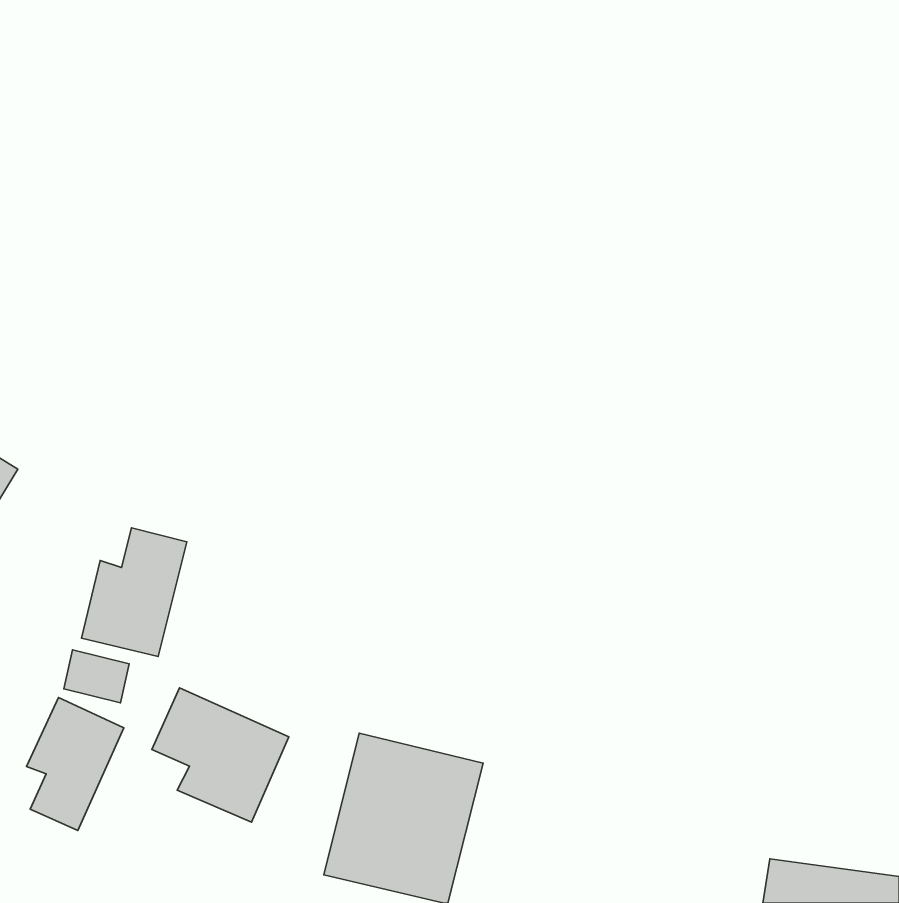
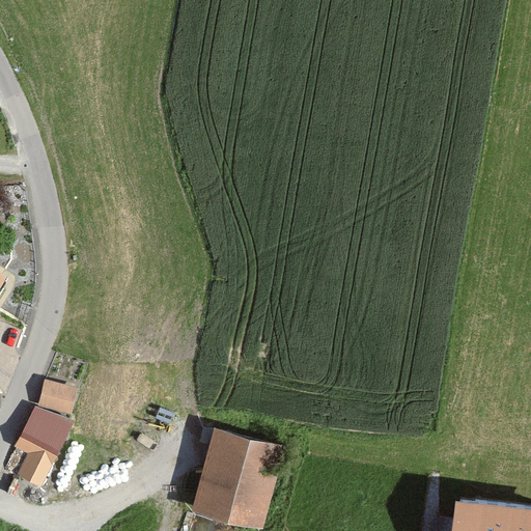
building: [82,528,187,656] -> none
building: [152,688,289,822] -> none

